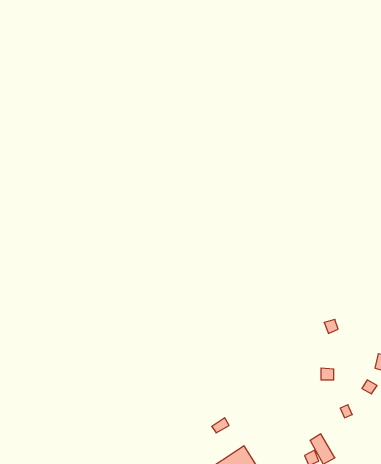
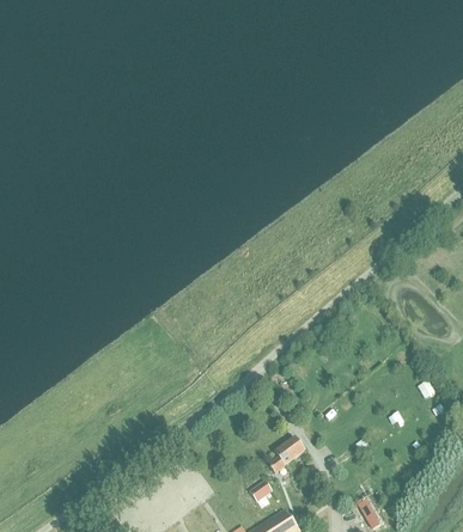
building: none -> [268,436,304,473]

